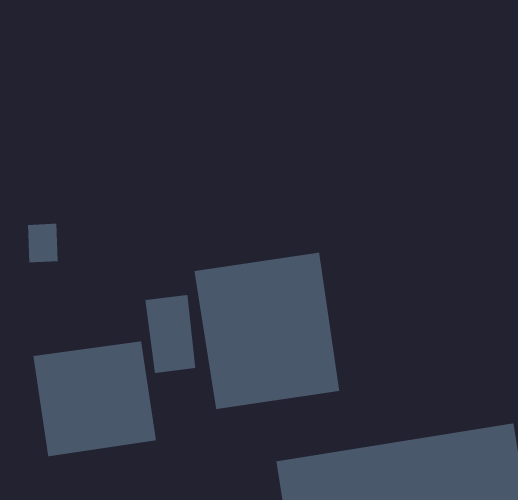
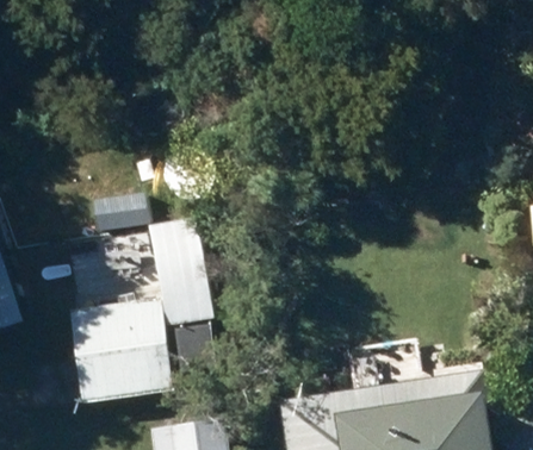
building: [194,252,340,410] -> none

